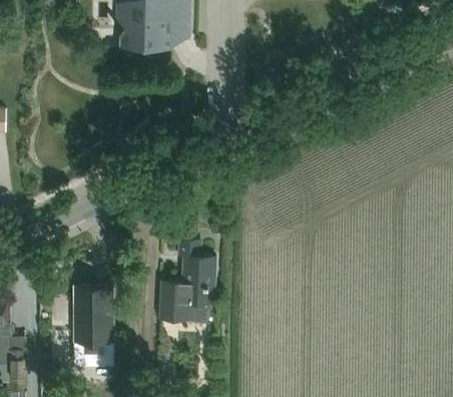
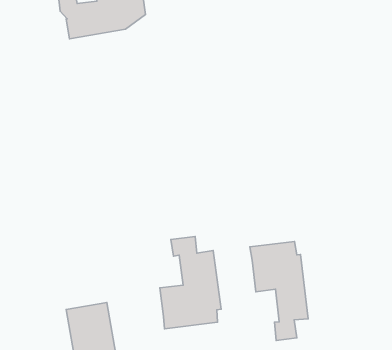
building: none -> [250,241,308,341]

